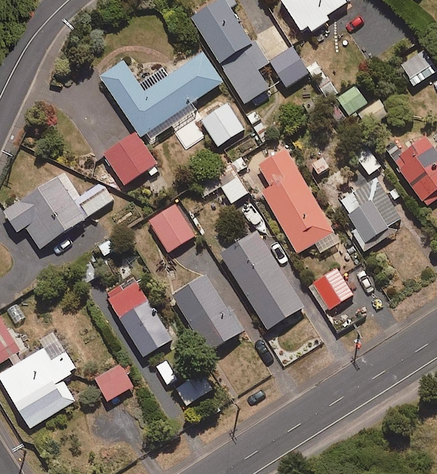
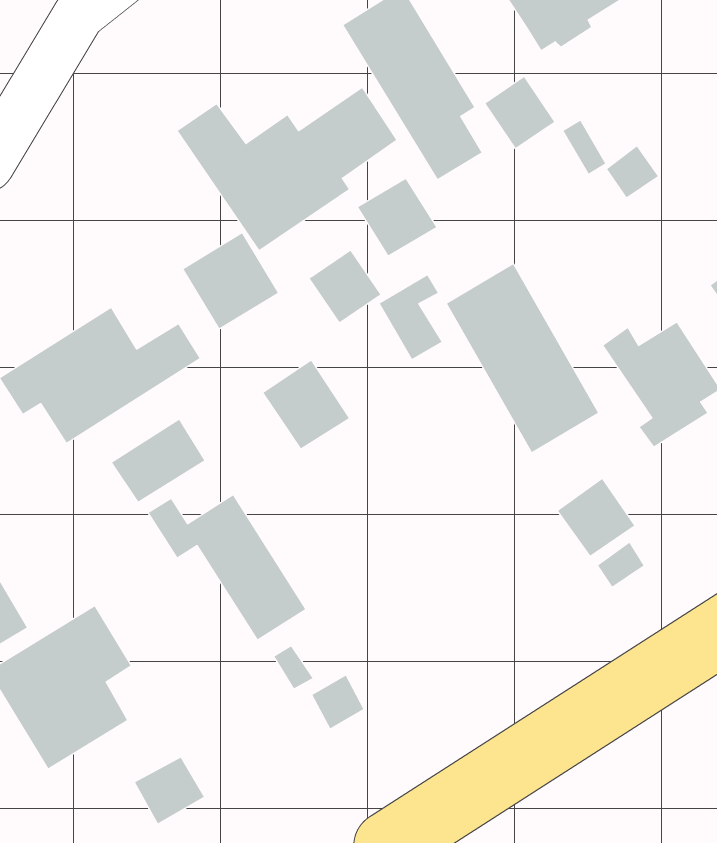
building: none -> [309,250,381,323]
building: [222,232,305,329] -> none
building: none -> [111,419,205,502]
building: [171,275,242,354] -> none
building: [94,363,133,400] -> [134,757,205,824]

